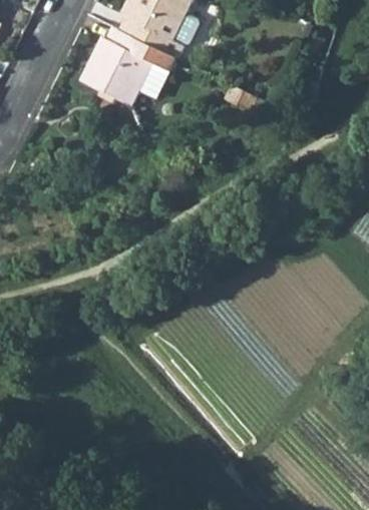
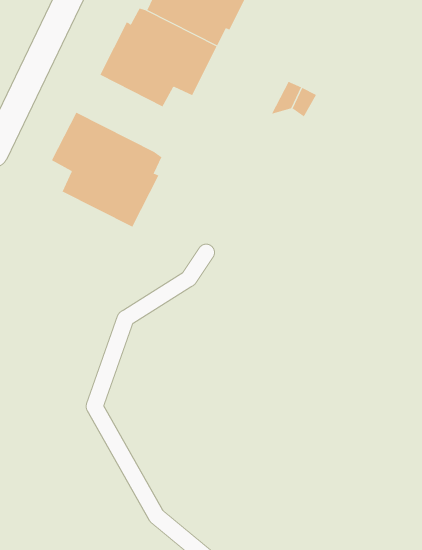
building: none -> [51,112,162,228]

